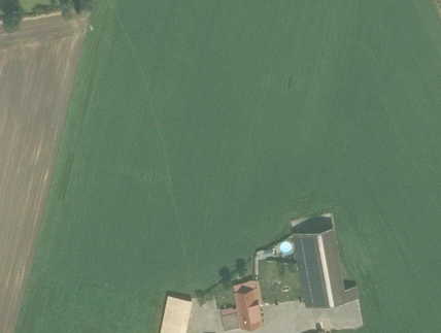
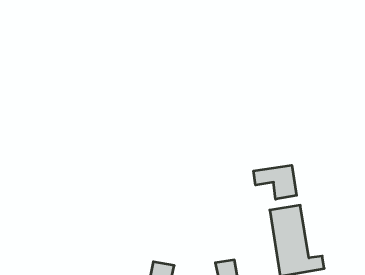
building: none -> [254,165,297,199]

